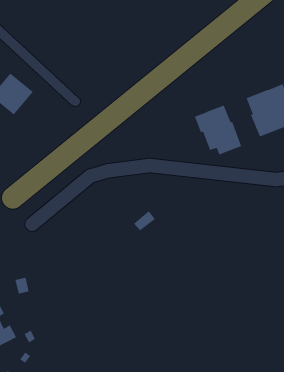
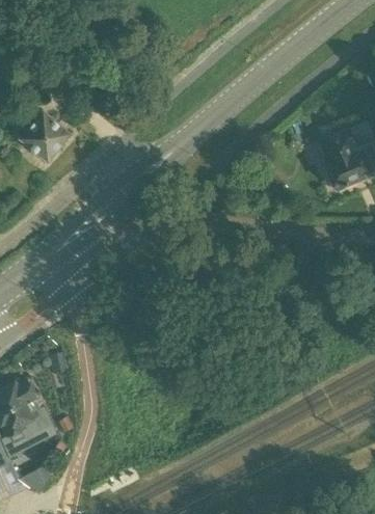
building: [194,104,242,156] -> none

